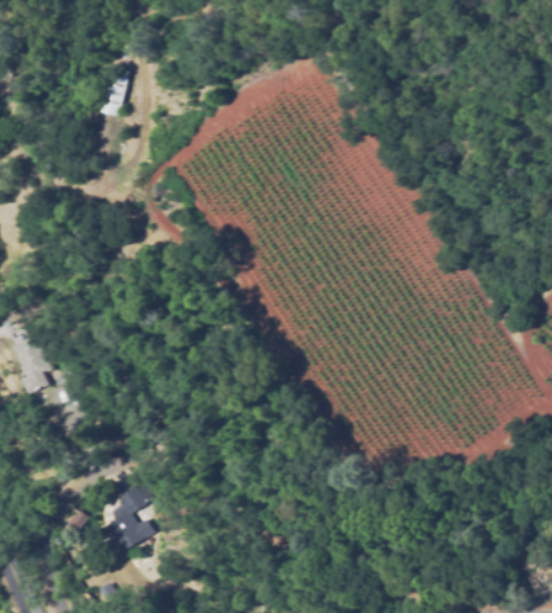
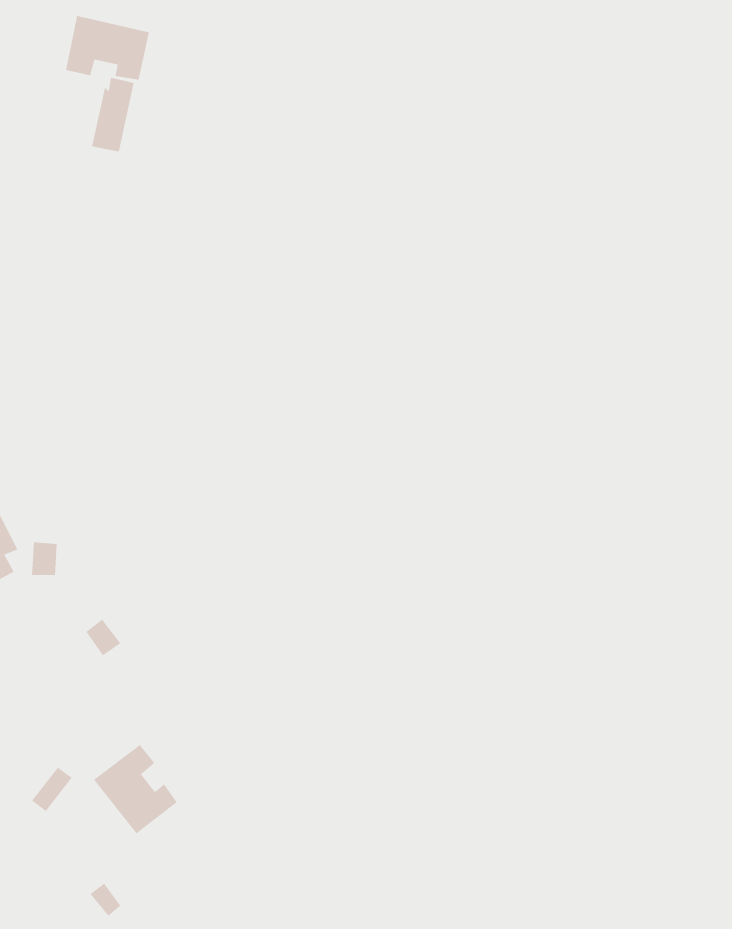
building: none -> [65,15,149,81]

